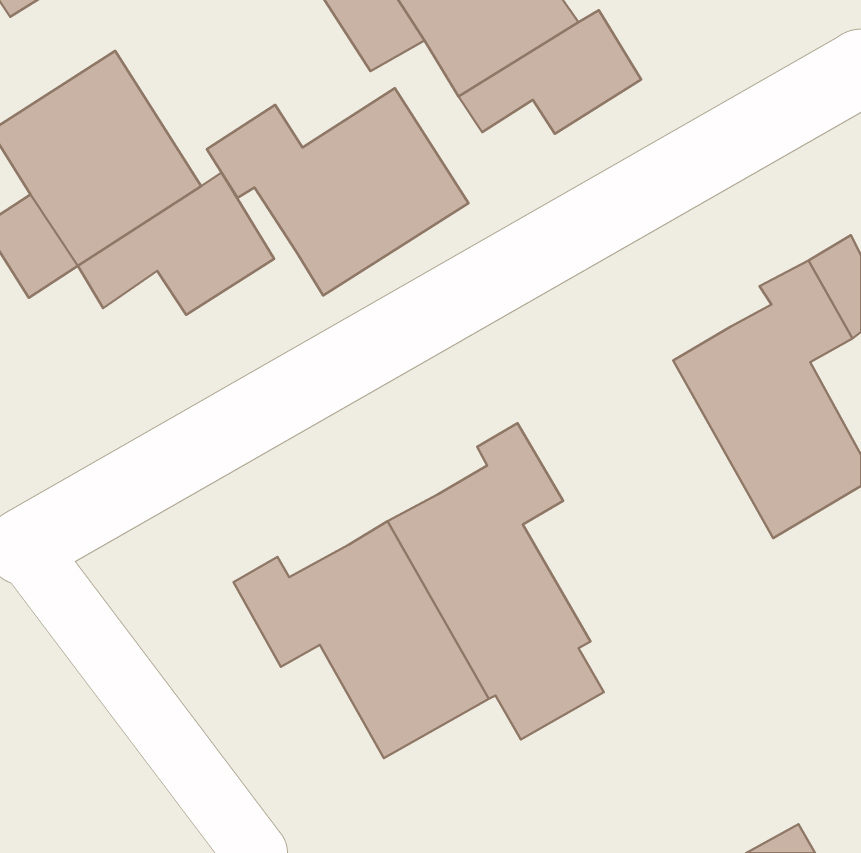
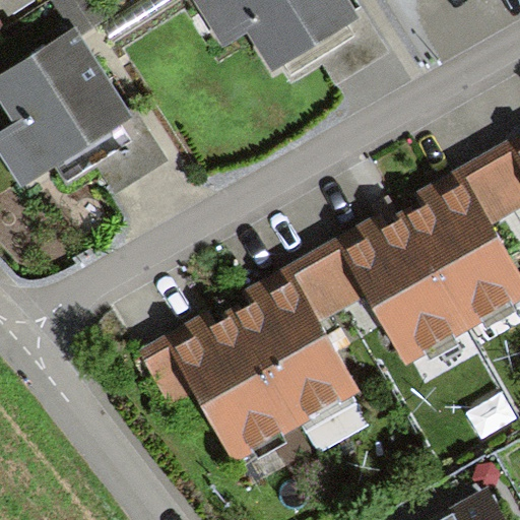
building: [207,88,468,296] -> none
building: none -> [311,216,464,358]

